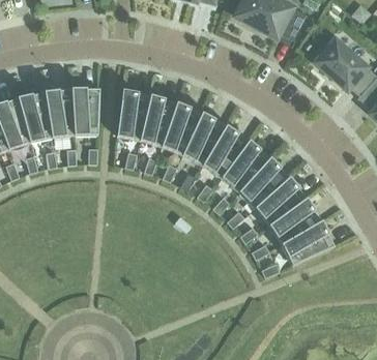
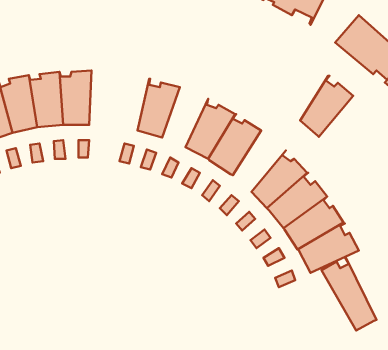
building: [116,89,150,140] -> none
building: [162,101,202,154] -> none
building: [224,140,270,193] -> [300,76,353,137]
building: none -> [322,257,377,330]

